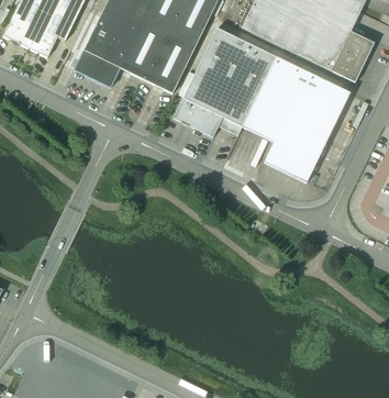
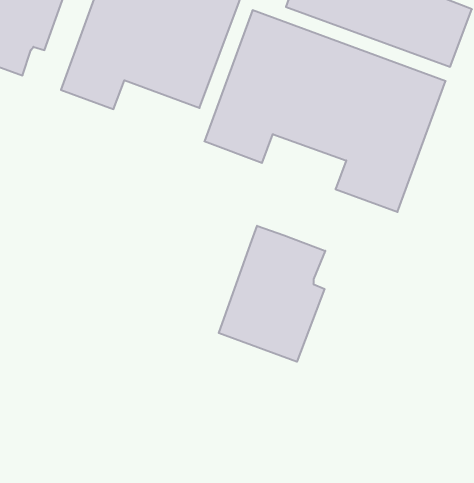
building: none -> [219,226,325,362]

